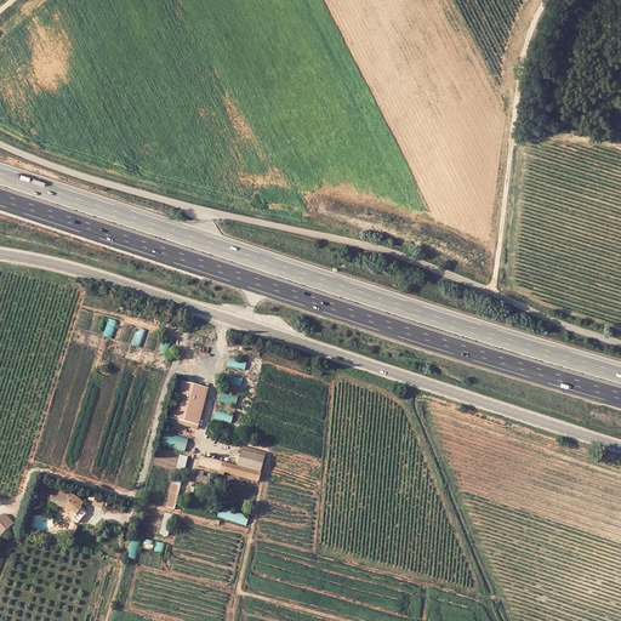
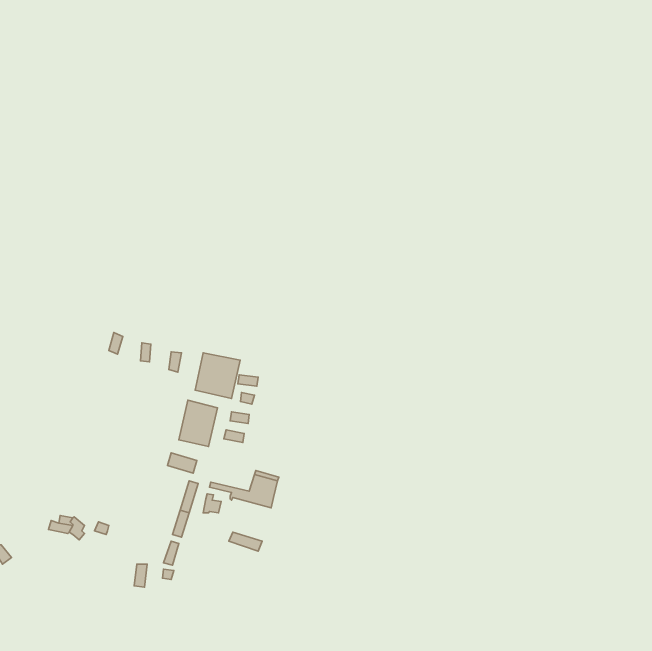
building: none -> [195,353,240,398]

